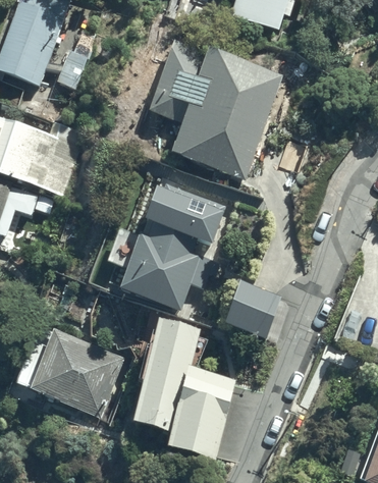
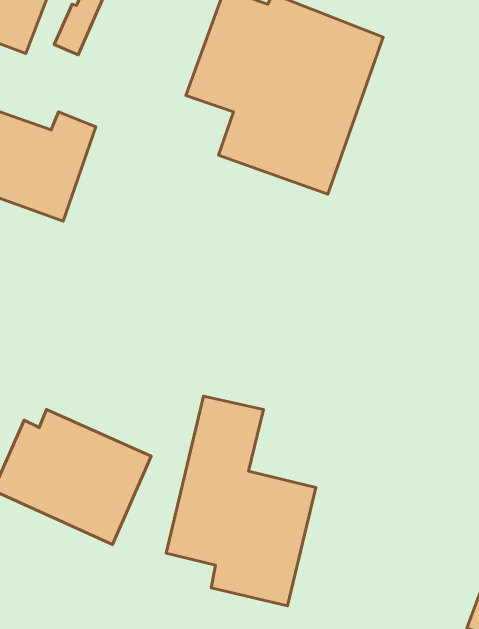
building: [105,183,226,310] -> none
building: [222,279,290,343] -> none

